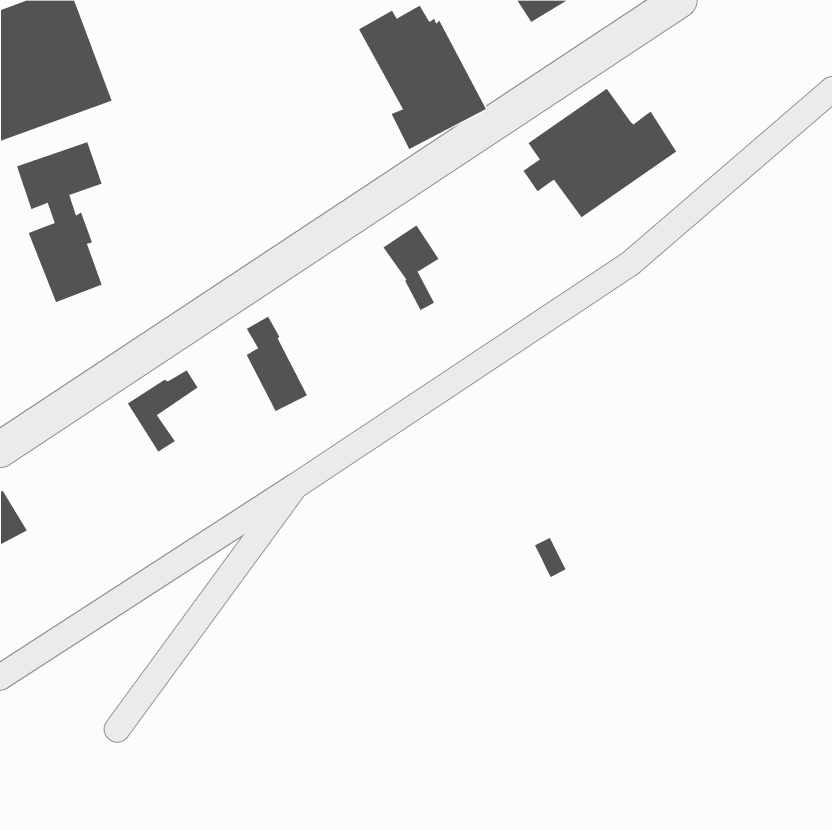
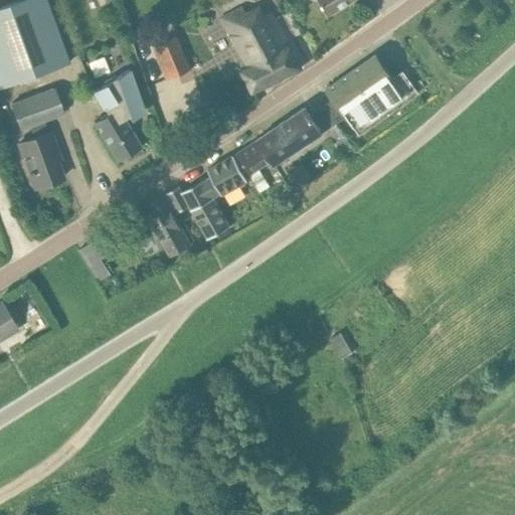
building: none -> [150,36,190,80]
building: none -> [91,71,145,163]
building: none -> [258,108,322,161]
building: none -> [166,156,247,240]

